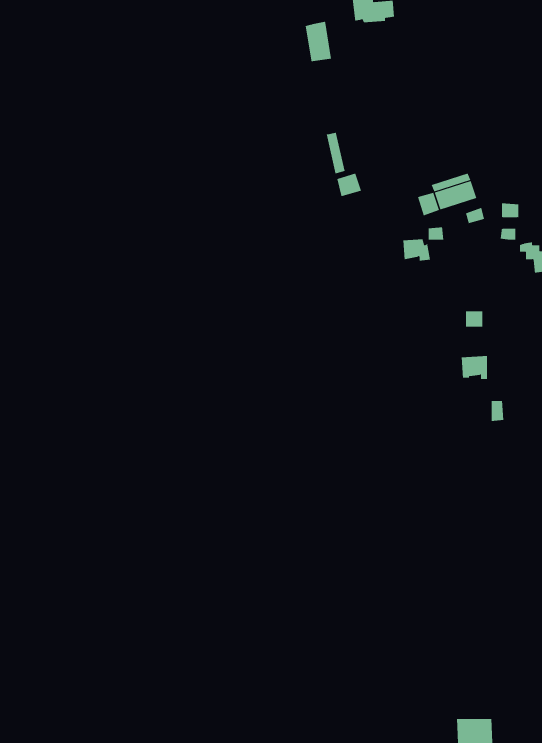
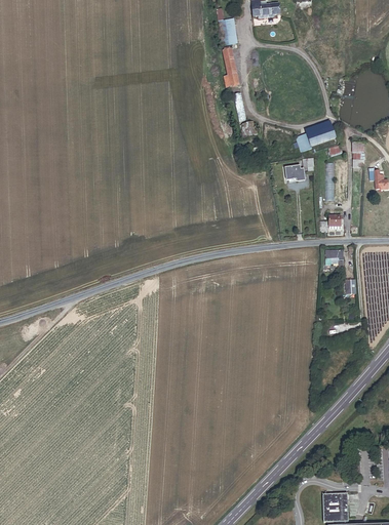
building: none -> [222,48,239,87]

